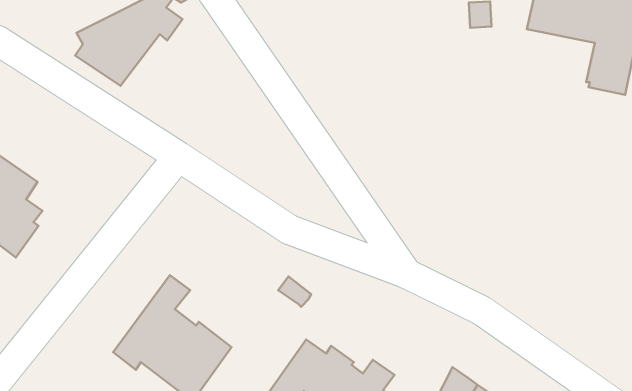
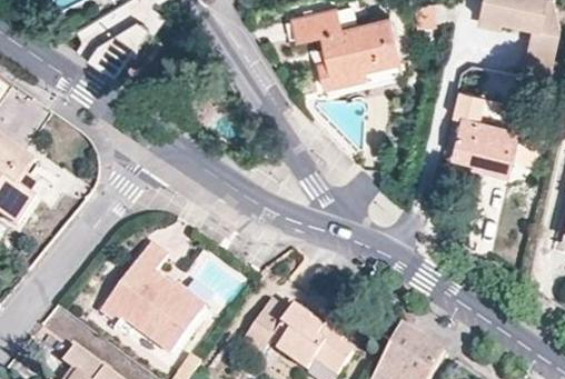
building: none -> [290,7,402,87]
building: none -> [452,87,542,172]

